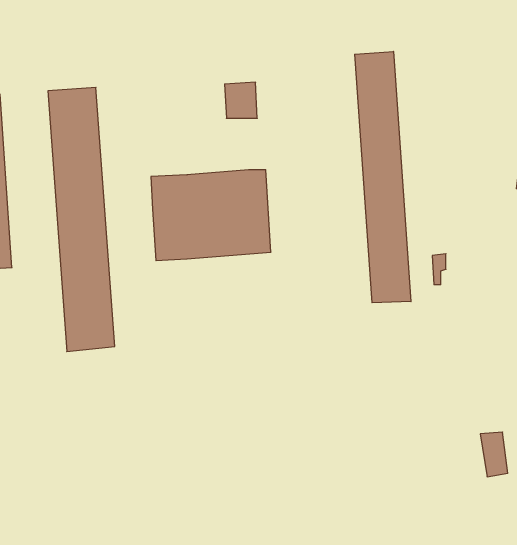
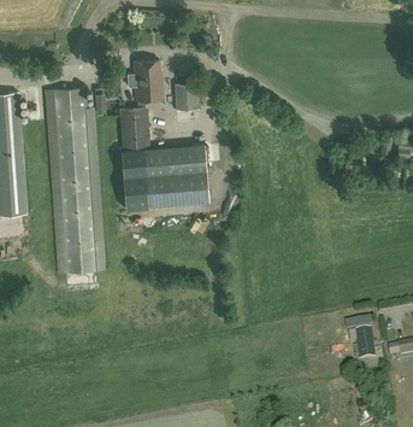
building: none -> [117,60,159,134]
building: [355,51,411,303] -> none

